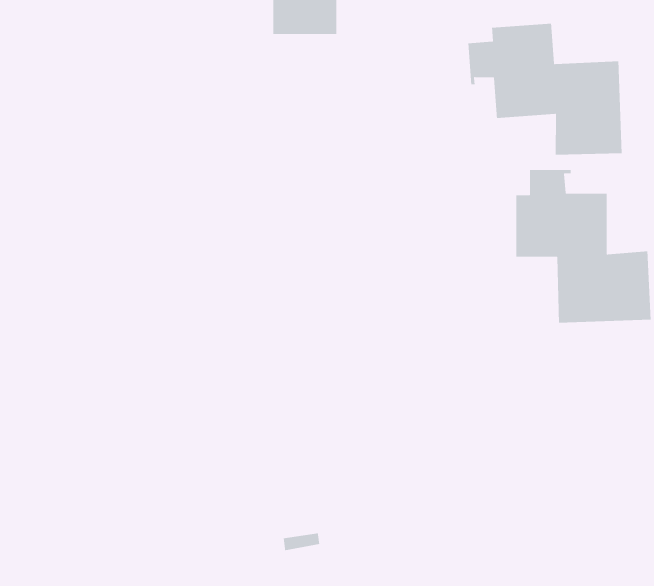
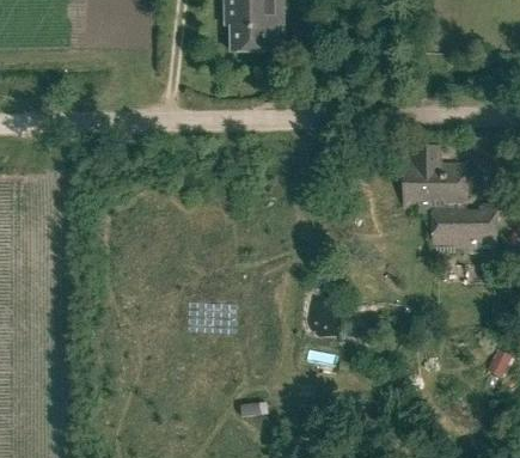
building: [467,23,623,155] -> none

